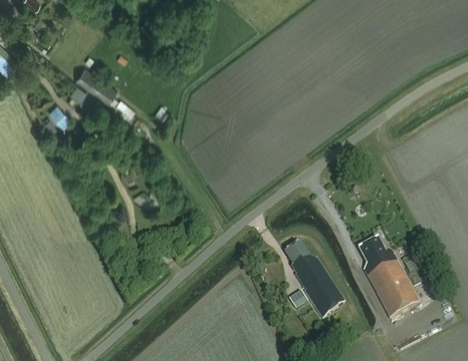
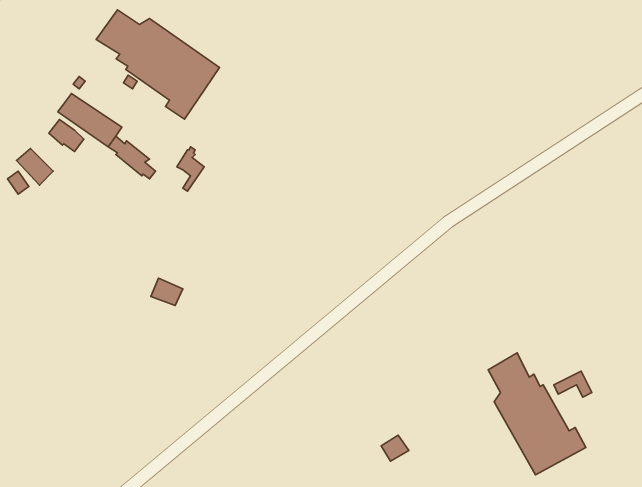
building: none -> [96,10,220,119]
building: [284,243,344,319] -> none

